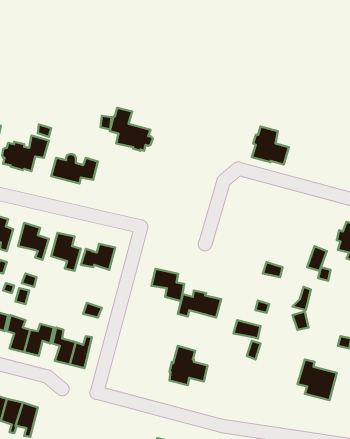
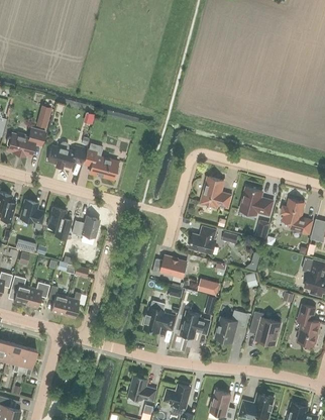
building: [110,108,153,151] -> [84,143,119,179]
building: [252,126,289,165] -> [201,177,231,208]
building: none -> [239,187,273,215]
building: none -> [189,225,215,253]
building: [151,269,184,301] -> none
building: none -> [214,309,247,342]
building: none -> [179,311,210,338]

